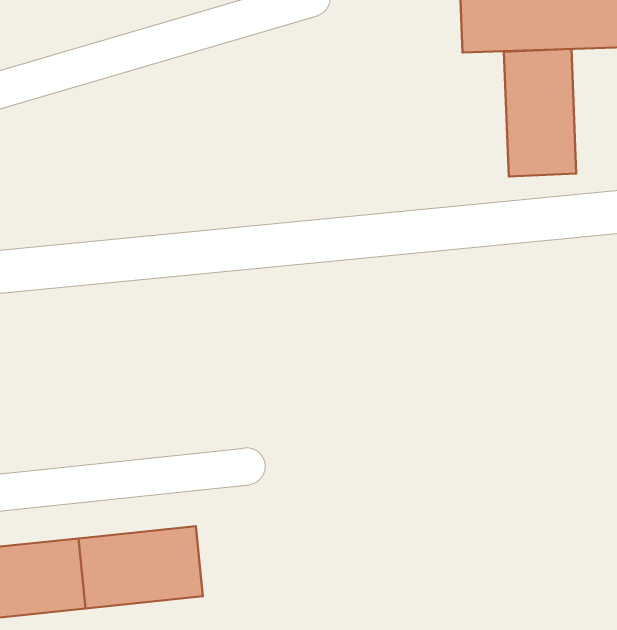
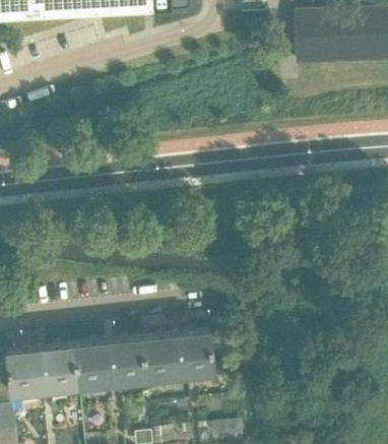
building: [504,49,576,176] -> none
building: none -> [142,332,214,380]

